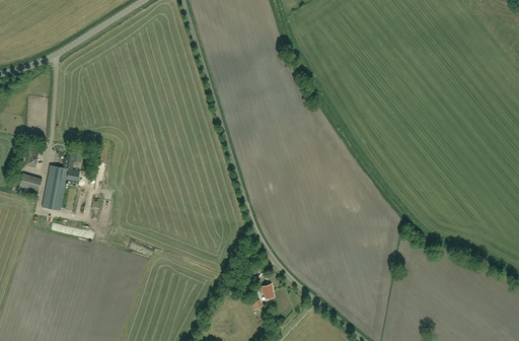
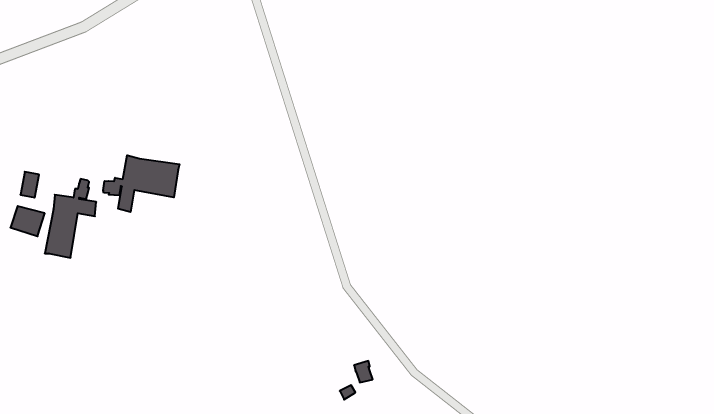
building: none -> [103,155,180,212]

